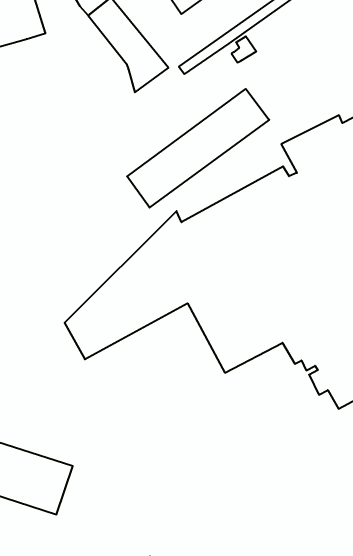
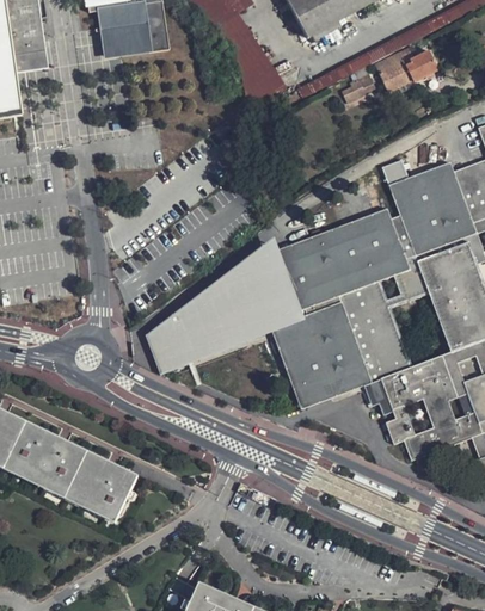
building: none -> [376,45,440,90]
building: [127,89,269,208] -> none

